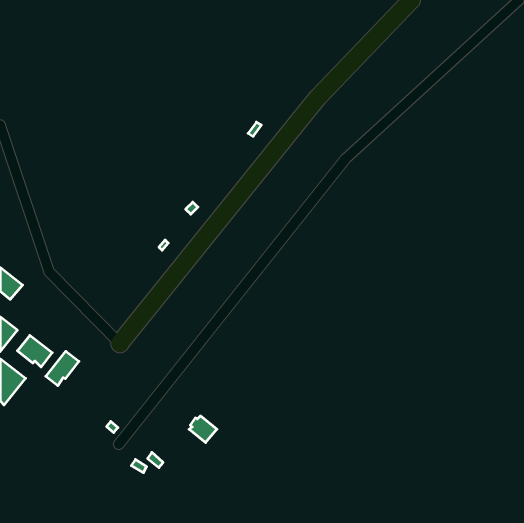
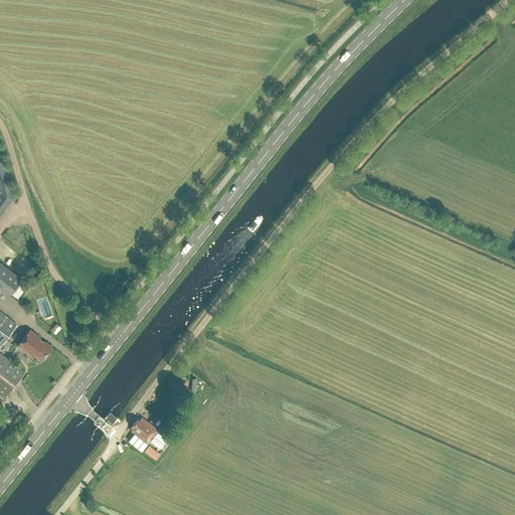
building: [46,351,79,386] -> none
building: [189,416,217,443] -> [131,417,158,444]

